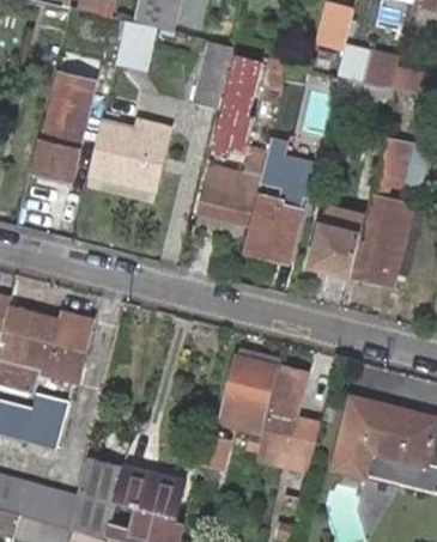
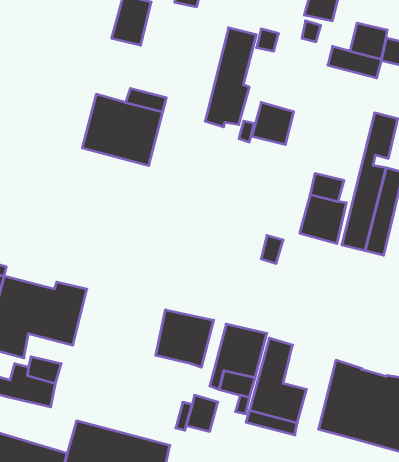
building: [193,42,235,109] -> none
building: [38,74,93,173] -> none
building: [199,177,253,237] -> none
building: [245,188,303,262] -> none
building: none -> [156,310,214,367]

